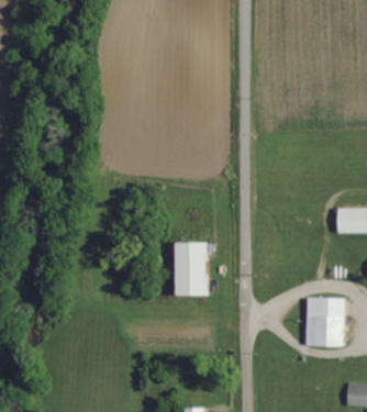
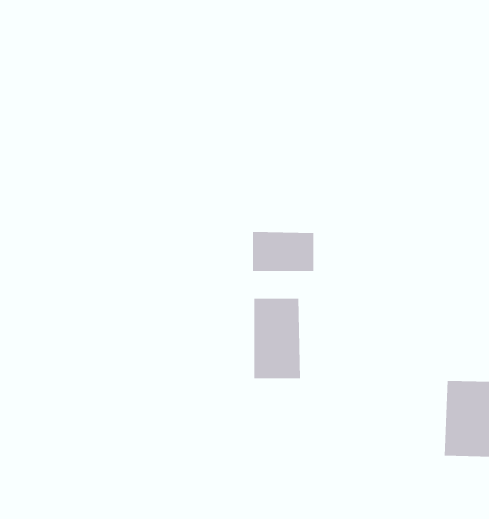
building: none -> [253,231,314,272]

